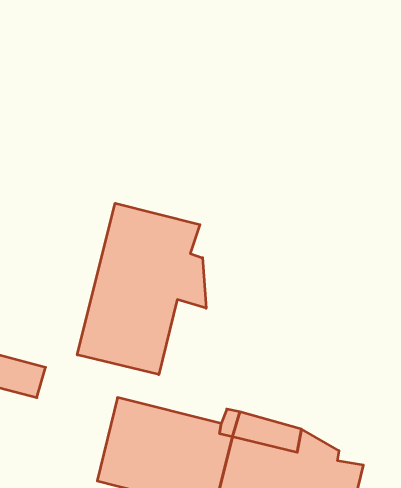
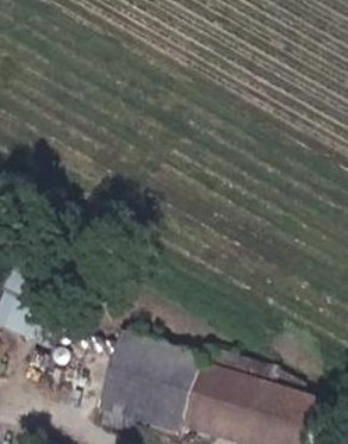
building: [77,203,206,375] -> none

